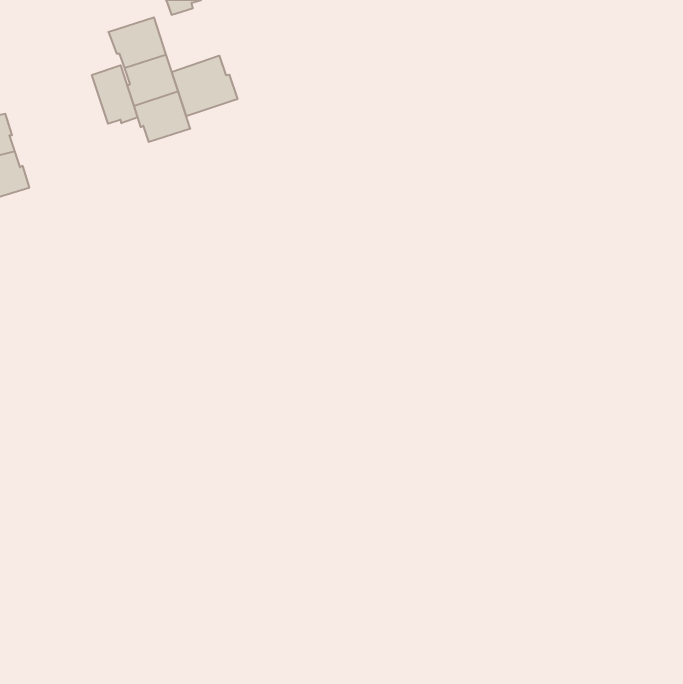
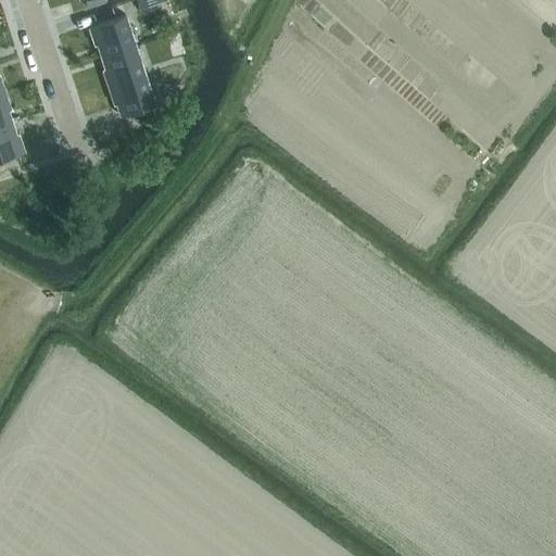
building: [172,56,237,116] -> none
building: [92,65,138,124] -> none

